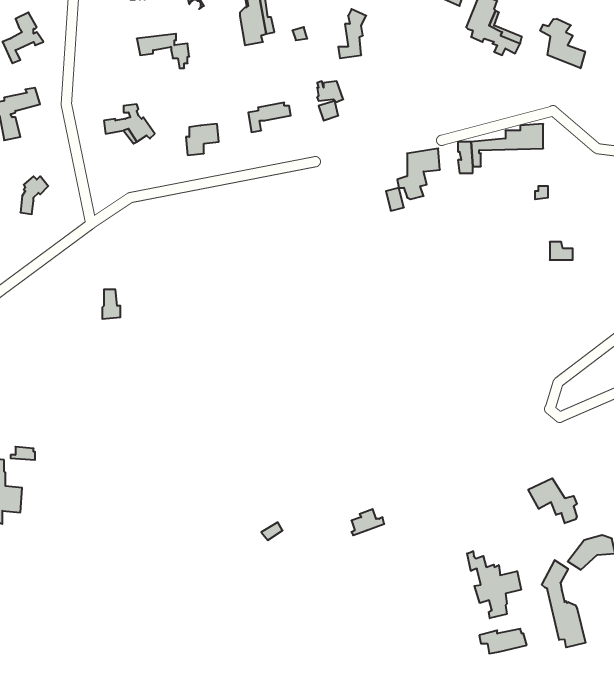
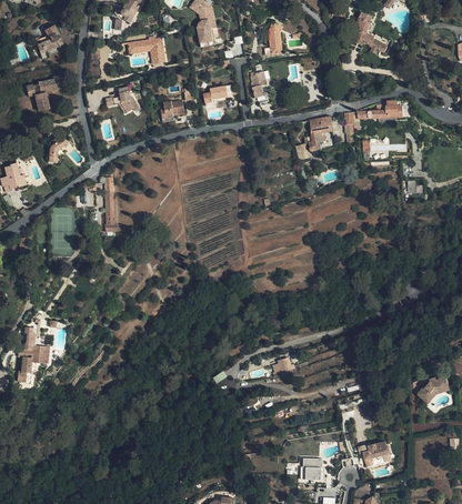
building: [540,19,585,68] -> none
building: [528,478,577,523] -> none
building: [467,551,521,618] -> none
building: [542,560,586,647] -> none
building: none -> [301,456,325,478]

